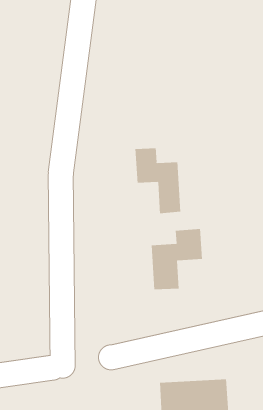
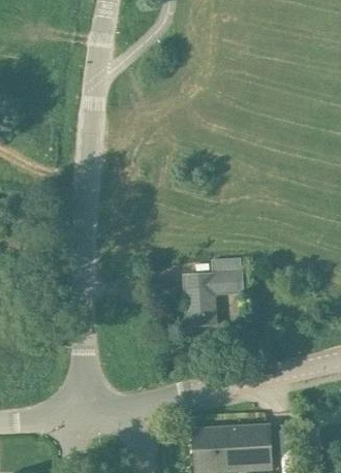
building: [135,148,181,214] -> none

